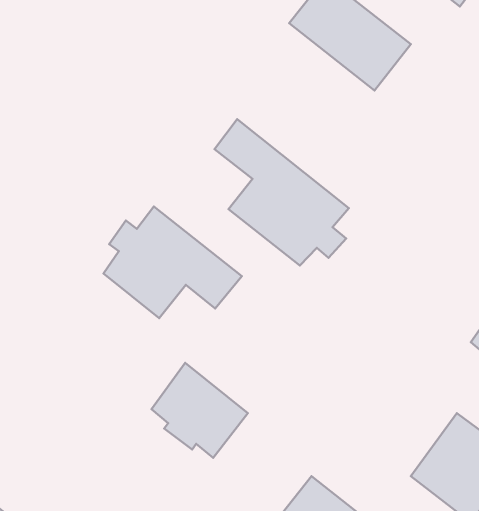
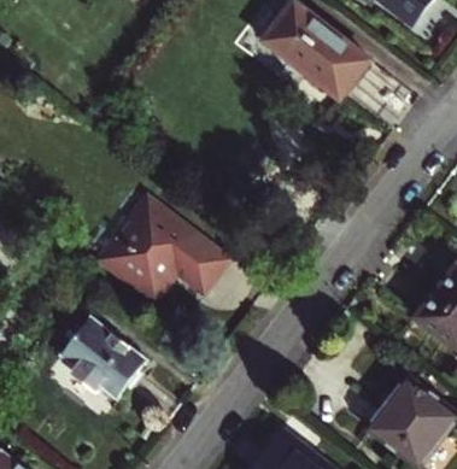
building: [215,119,349,265] -> none
building: [152,363,248,458] -> [63,313,146,395]

